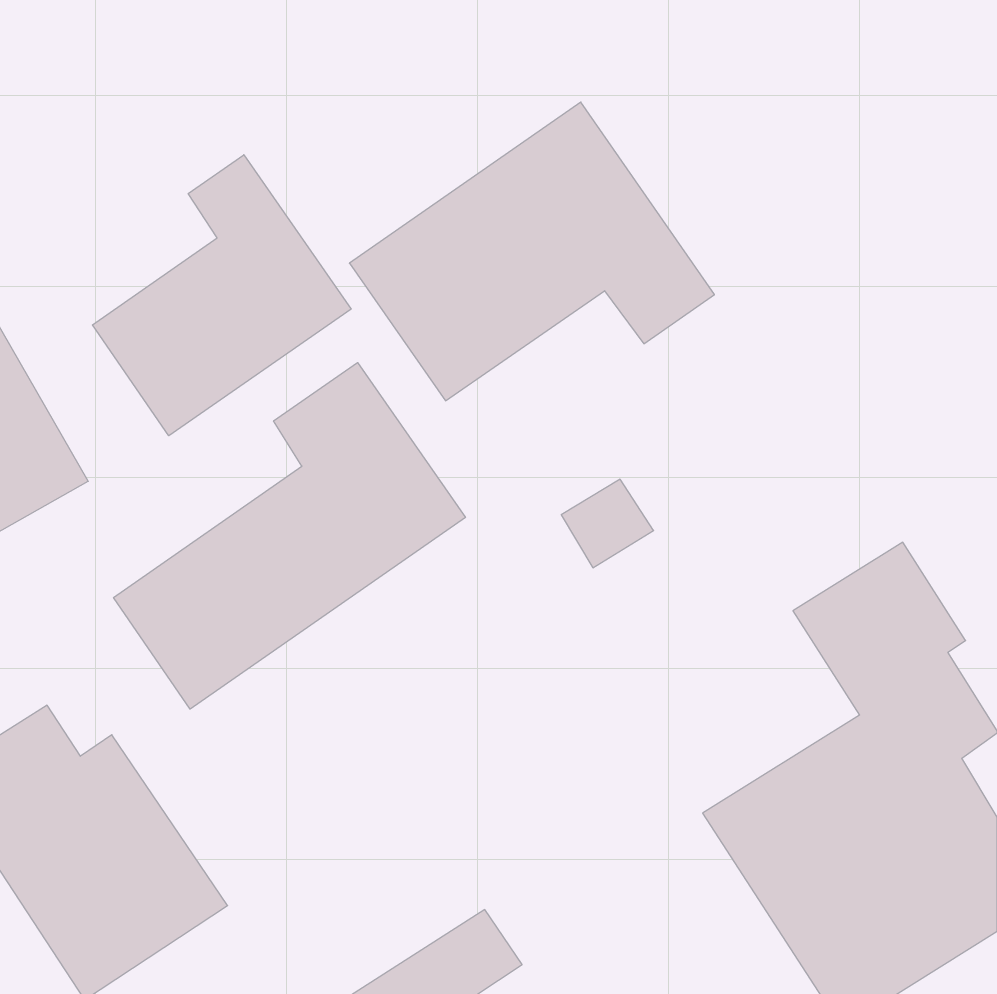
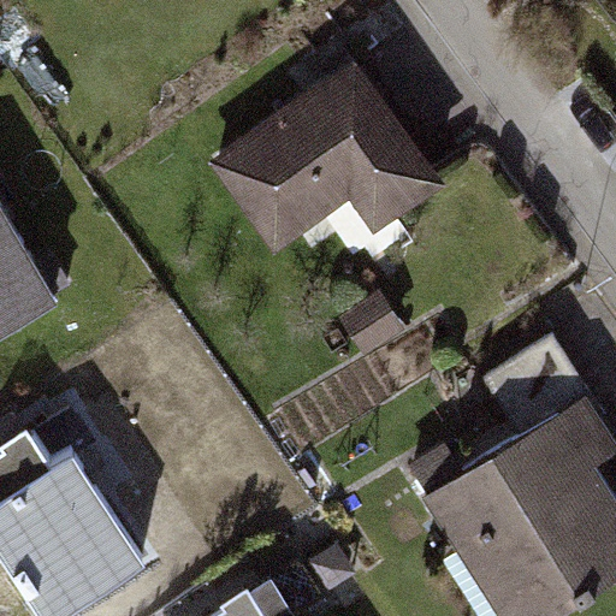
building: [92,155,351,436] -> none
building: [114,363,465,709] -> none

